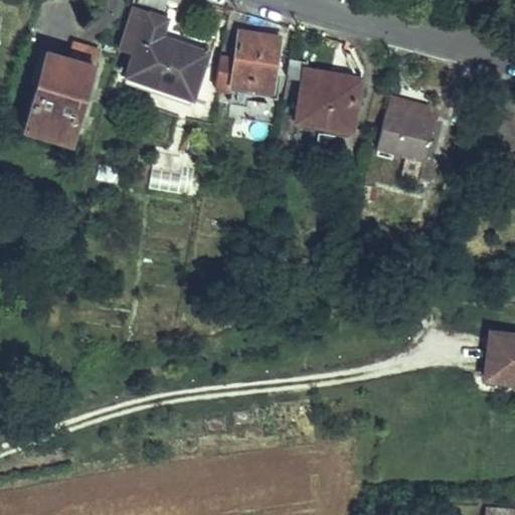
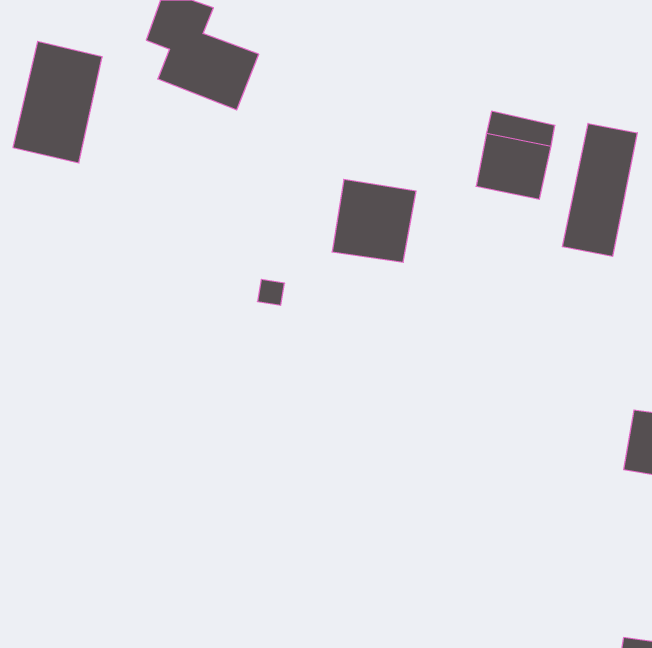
building: [216,34,280,97] -> none
building: [297,73,362,138] -> [332,179,416,262]
building: none -> [562,123,637,256]

